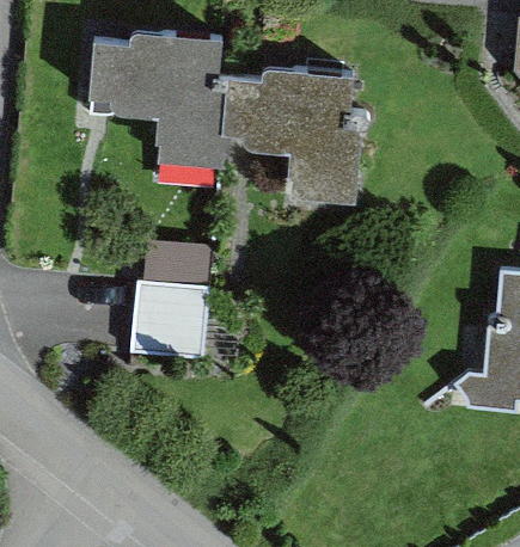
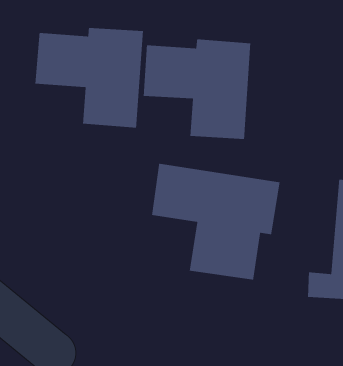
building: none -> [151,163,281,280]
building: [133,274,221,359] -> none

